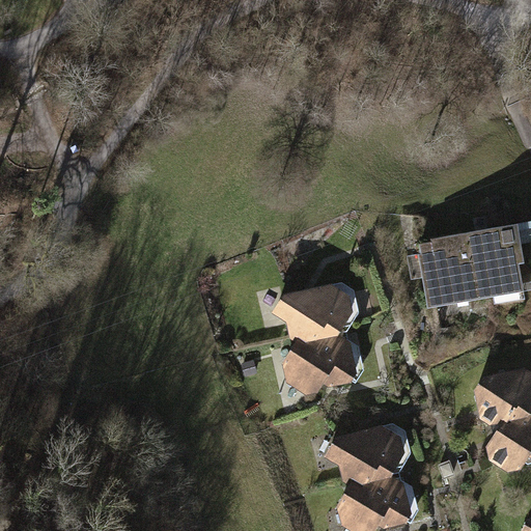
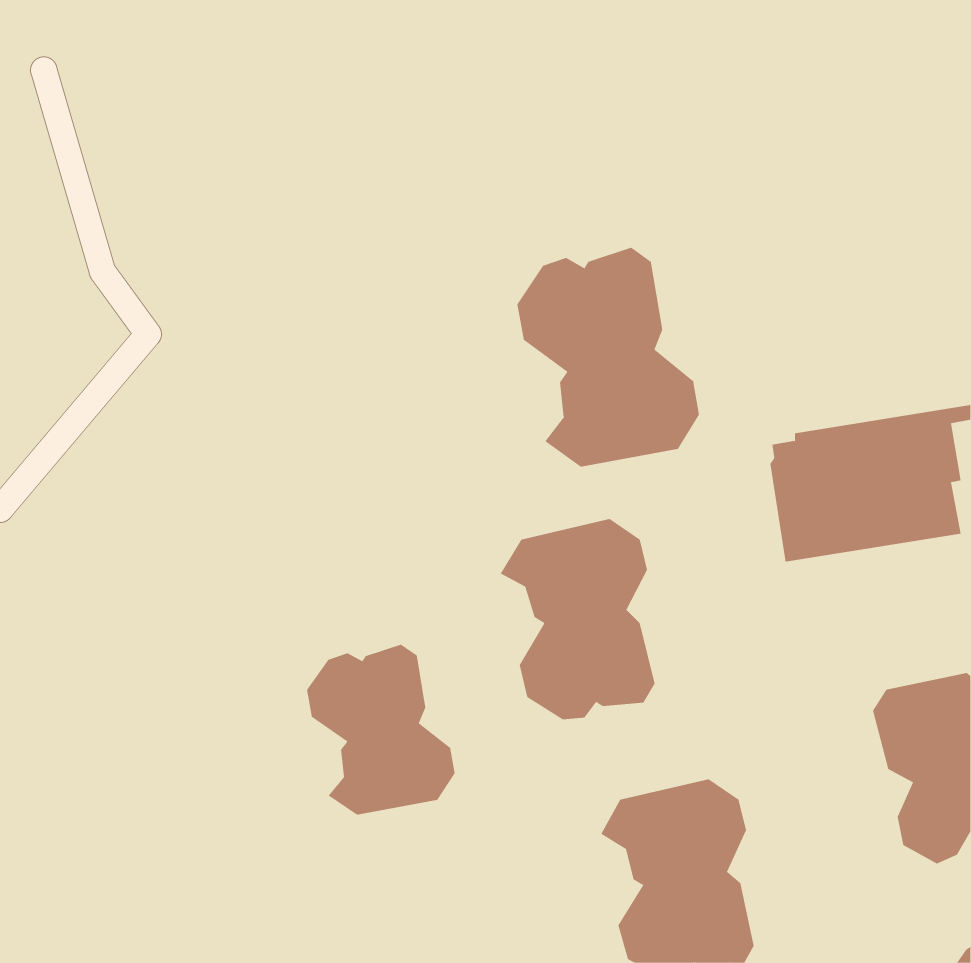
building: none -> [517,247,699,467]
building: none -> [307,644,455,815]

